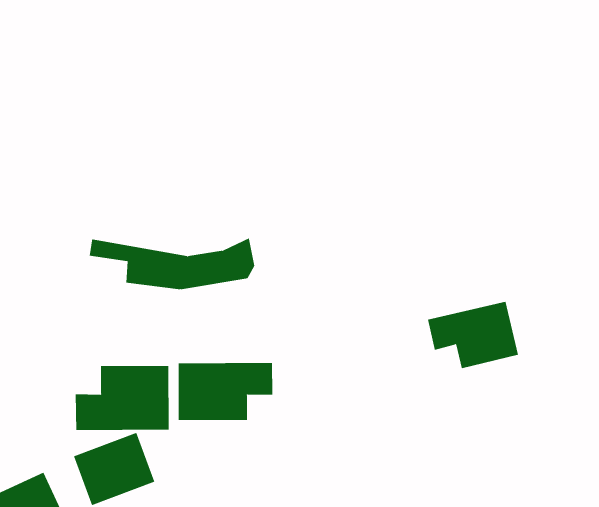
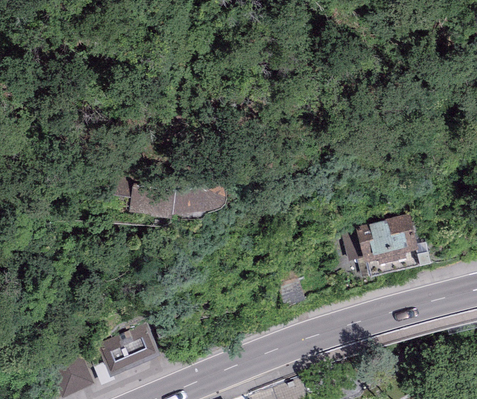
building: [178,362,273,421] -> none
building: [75,365,169,431] -> none

